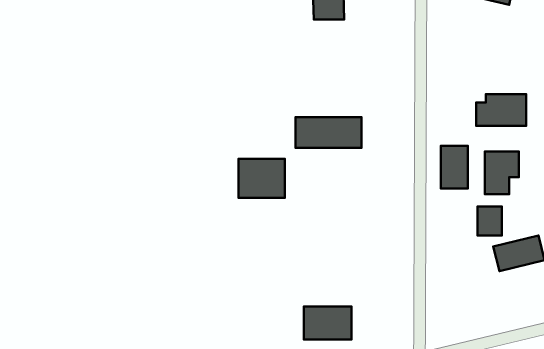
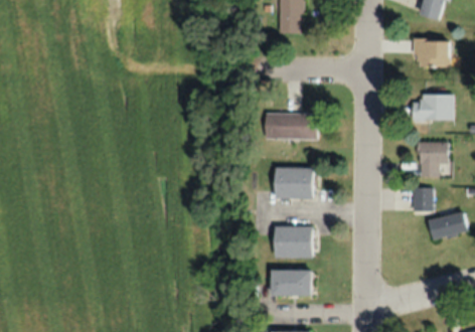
building: none -> [416,38,450,66]
building: [441,146,468,189] -> none
building: [239,159,285,198] -> [274,166,312,198]
building: none -> [274,225,312,257]

